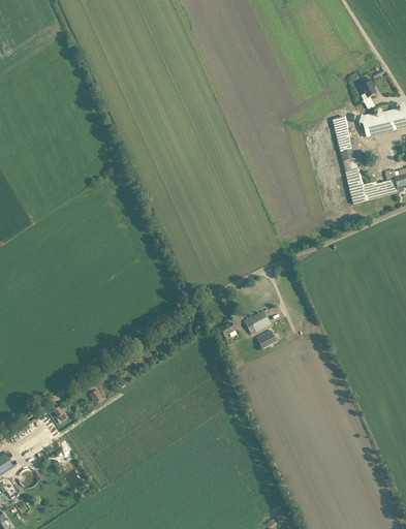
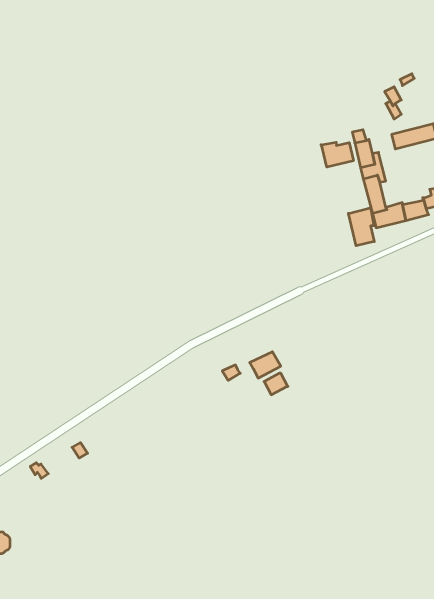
building: none -> [321,142,353,167]
building: none -> [348,207,374,246]

